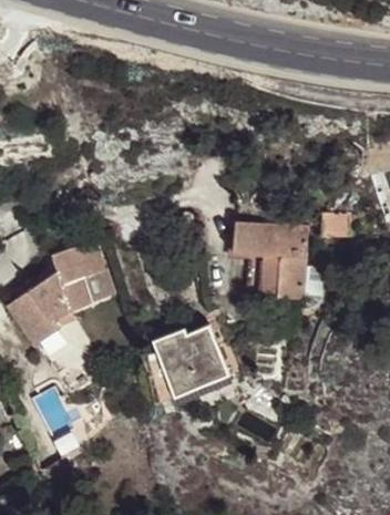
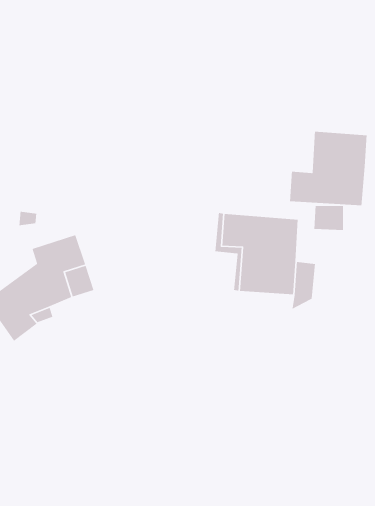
building: none -> [289,131,368,206]
building: [150,326,235,399] -> none

